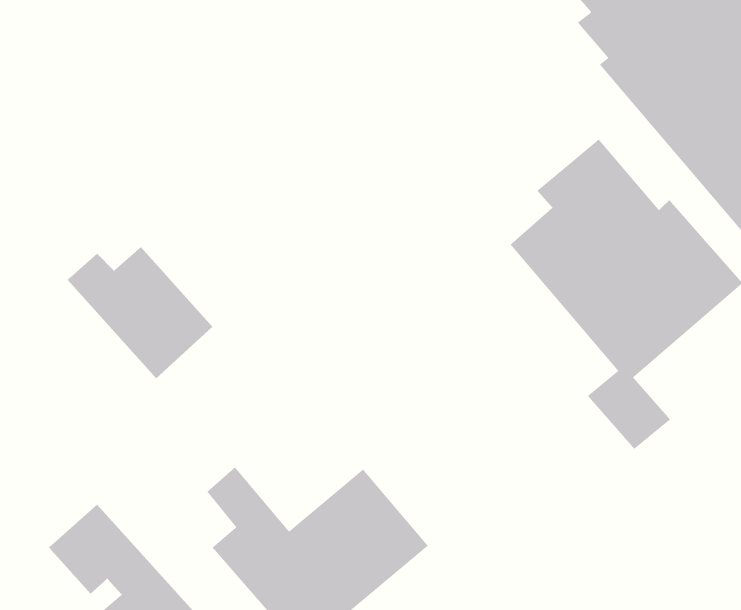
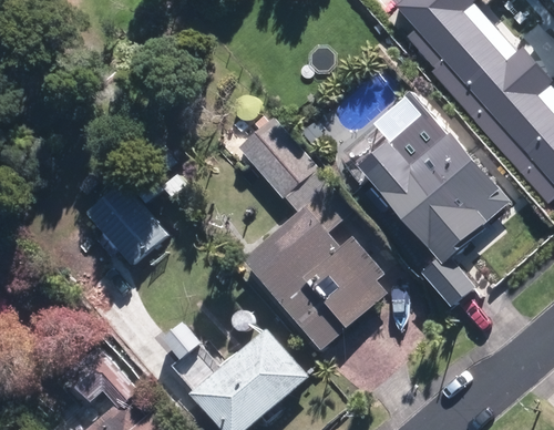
building: none -> [240,120,389,348]

